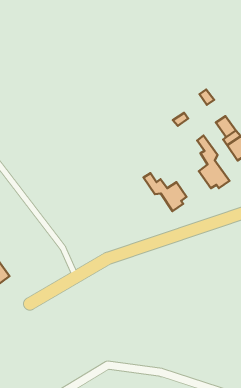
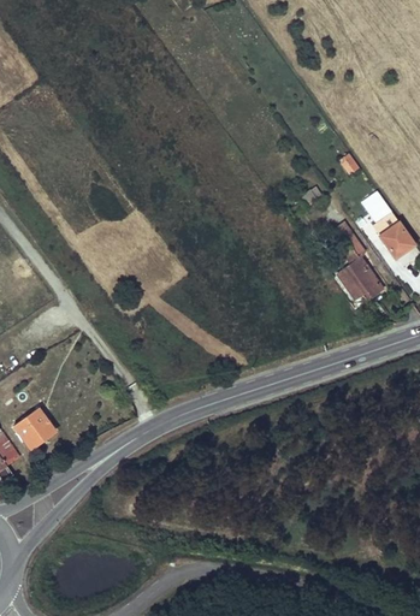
building: [144,173,186,211] -> none

